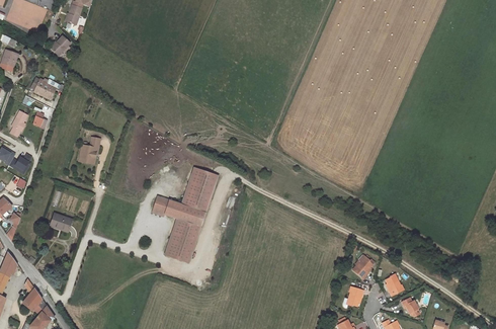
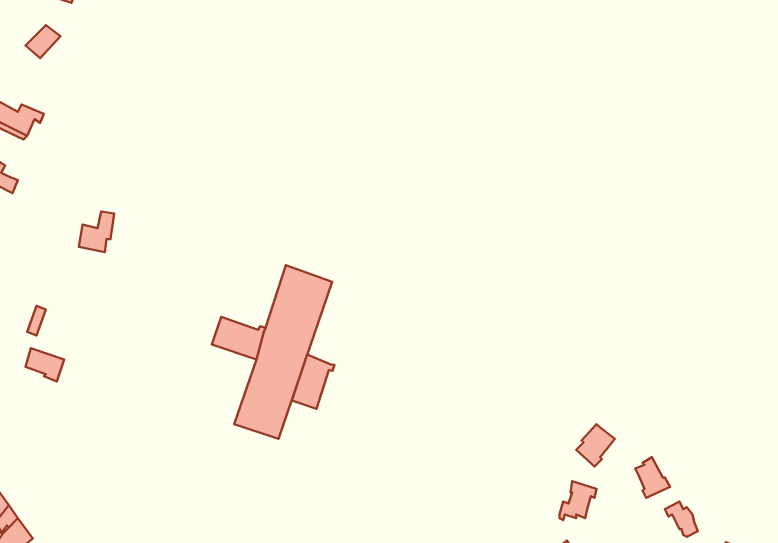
building: none -> [292,355,334,409]

